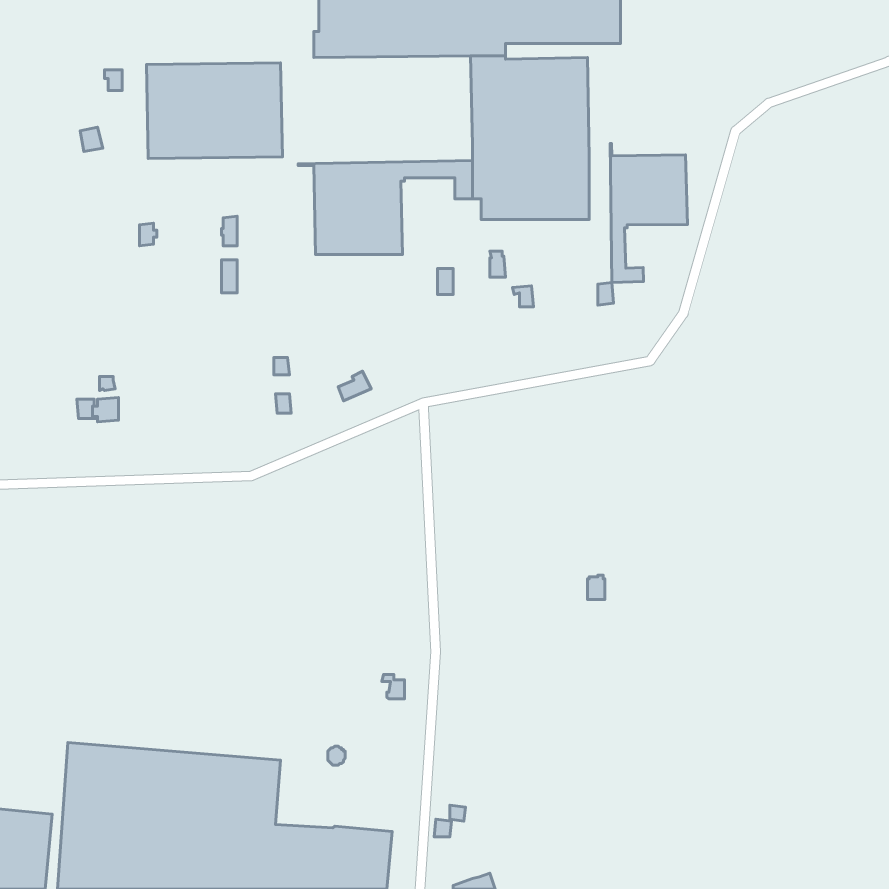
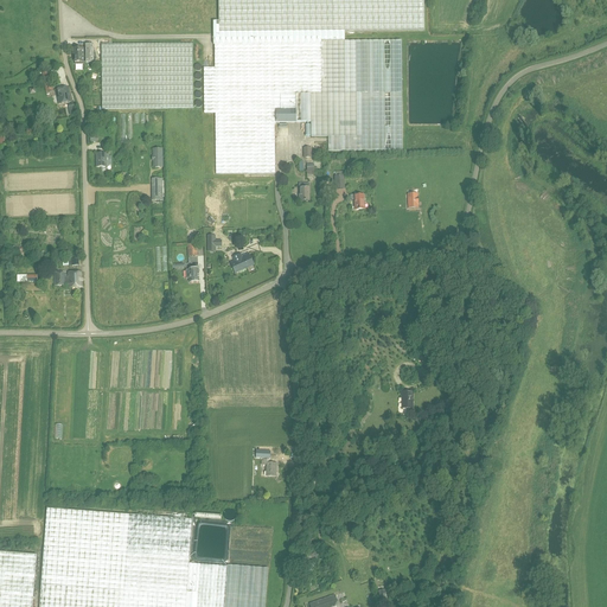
building: none -> [203,38,321,111]
building: [610,143,688,282] -> none

